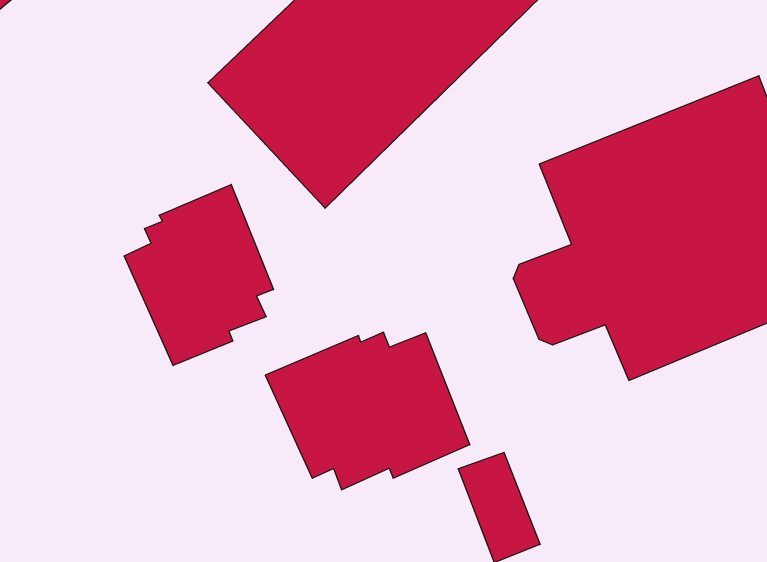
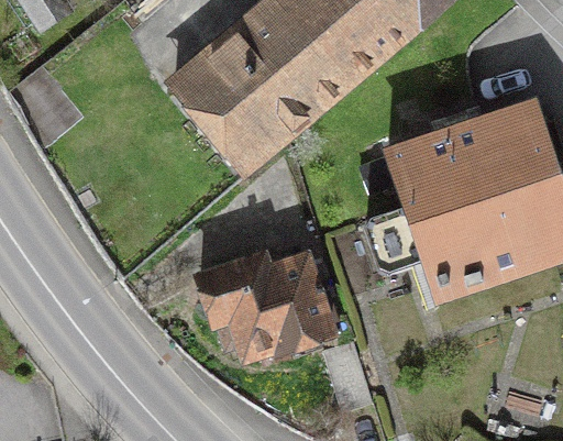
building: [124,184,273,366] -> none

